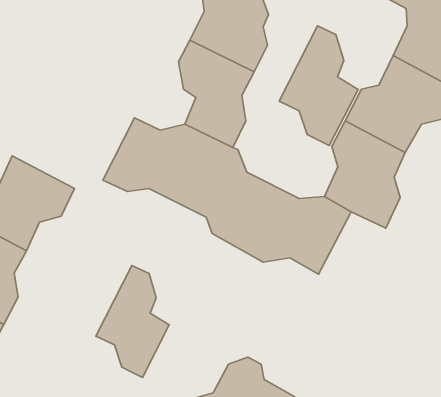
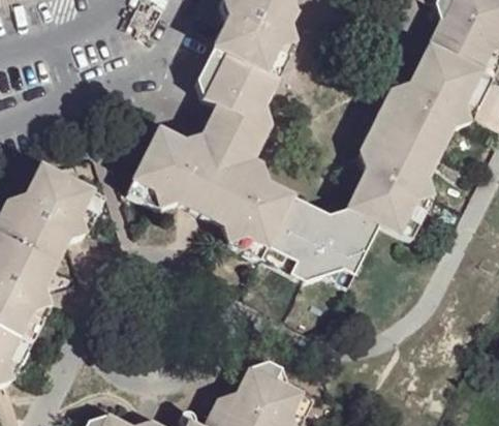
building: [279,26,358,146] -> none
building: [96,266,169,377] -> none

